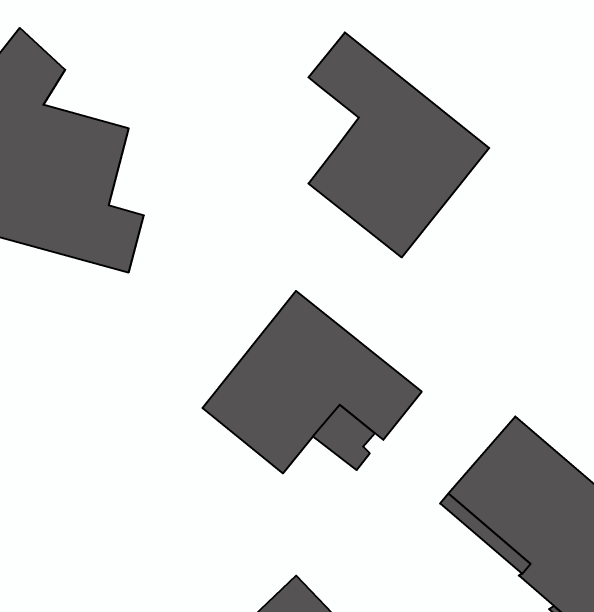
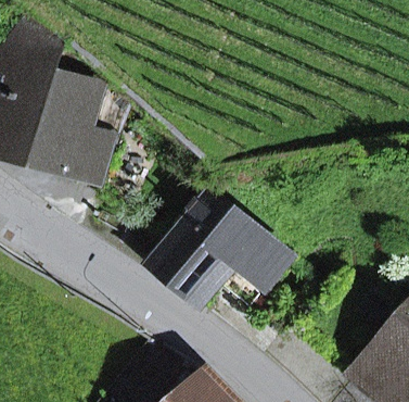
building: [308,32,489,257] -> none

